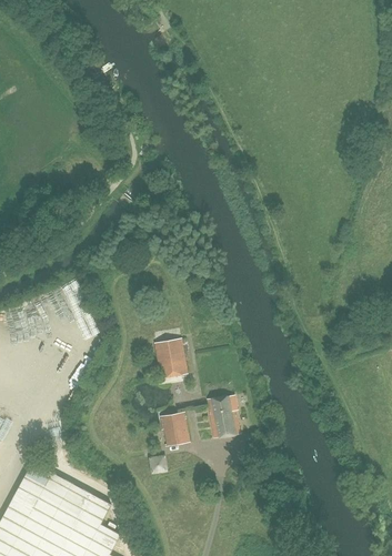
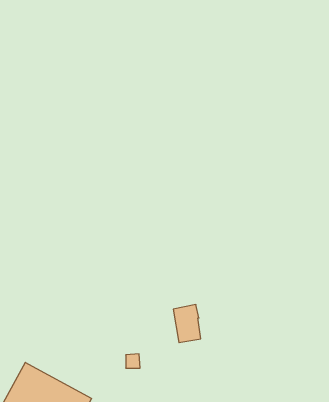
building: [154,340,187,378] -> none
building: [160,413,189,447] -> none

